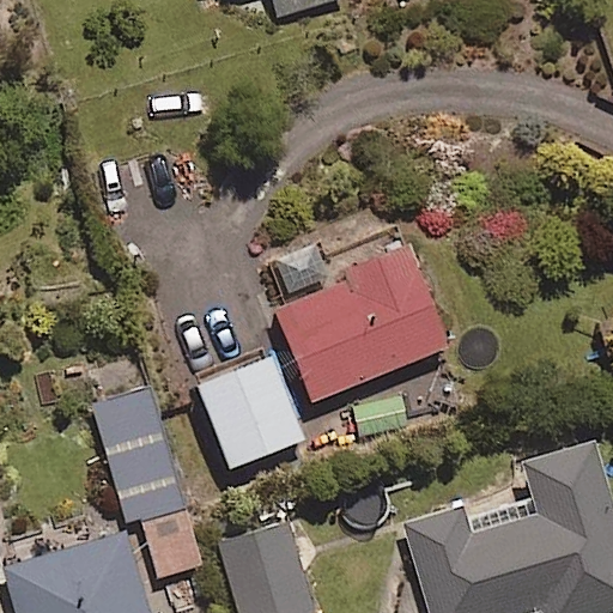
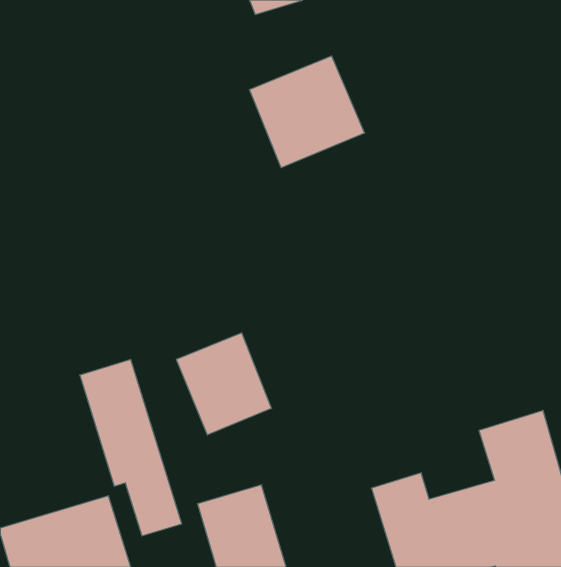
building: none -> [249,56,364,168]
building: [259,214,449,408] -> none

